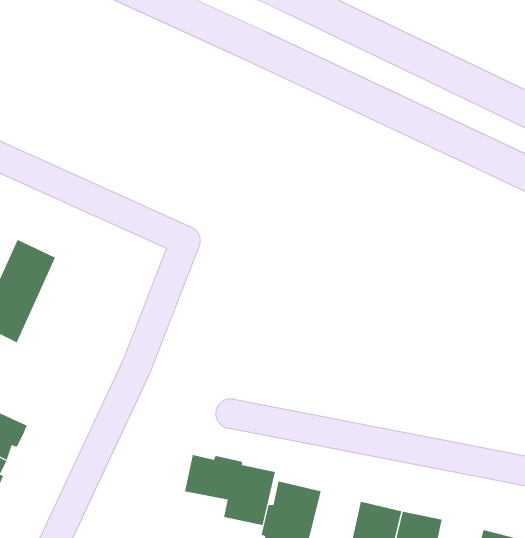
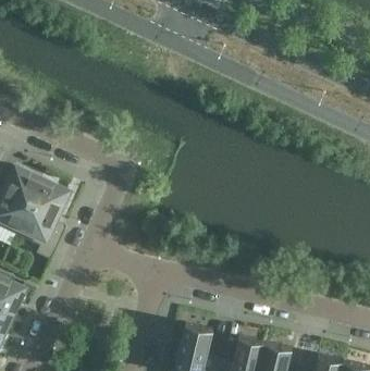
building: none -> [16,178,67,259]
building: [185,454,275,526] -> none

